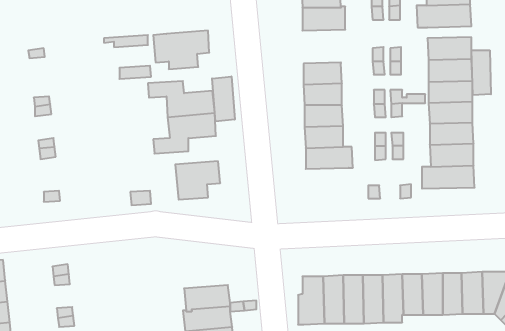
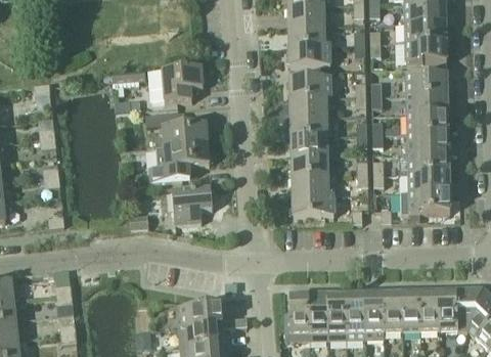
building: none -> [289,75,330,96]
building: [472,50,491,95] -> none
building: [212,76,235,122] -> none
building: none -> [293,193,333,215]

